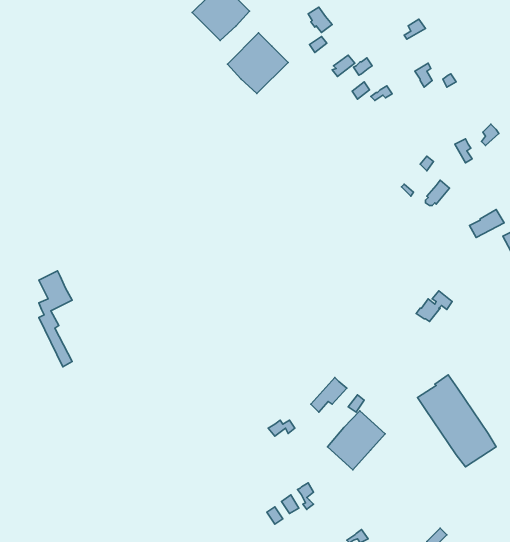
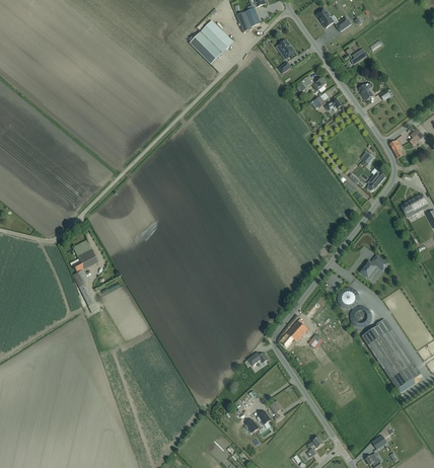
building: [227,33,288,93] -> none
building: [327,411,385,470] -> none

